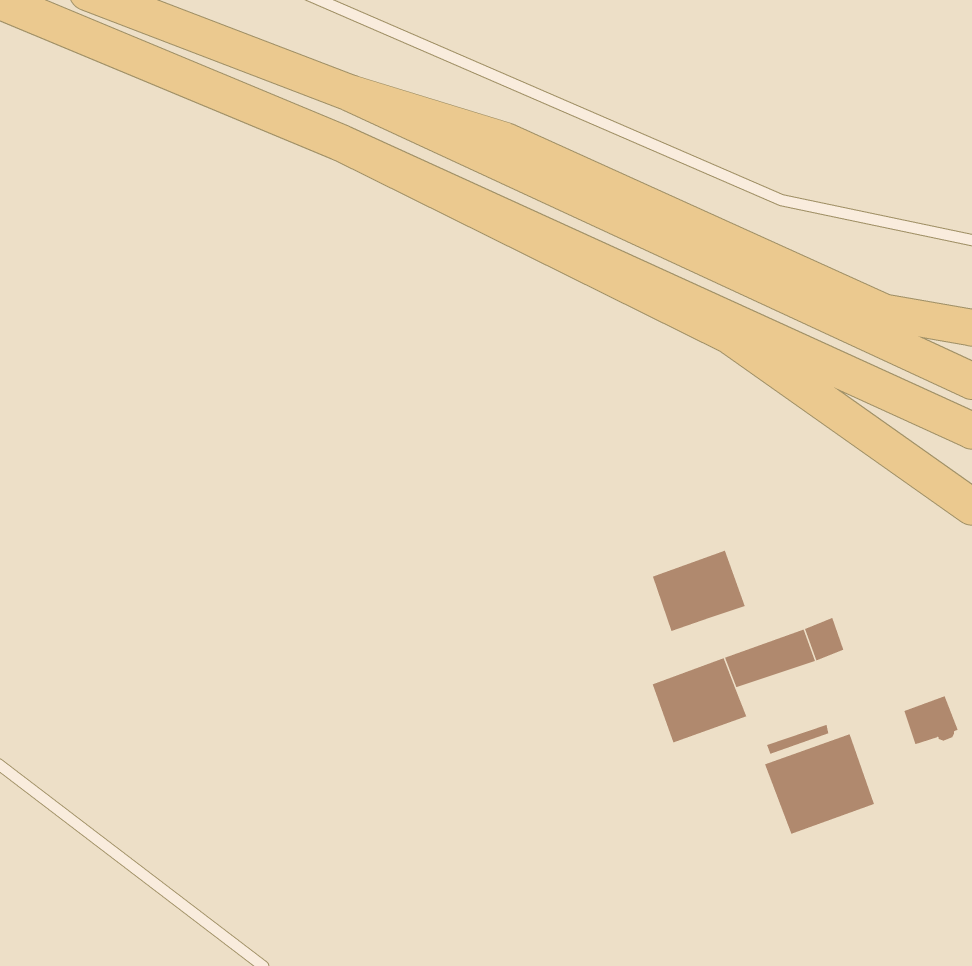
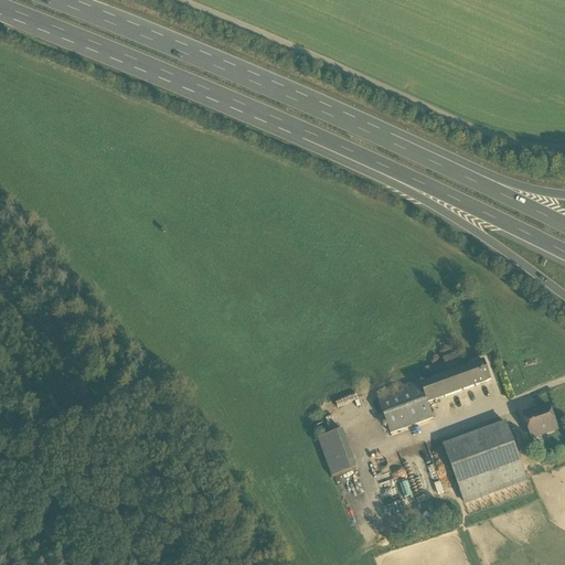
building: [652,550,746,632] -> none
building: none -> [458,419,525,498]
building: none -> [317,427,355,475]

